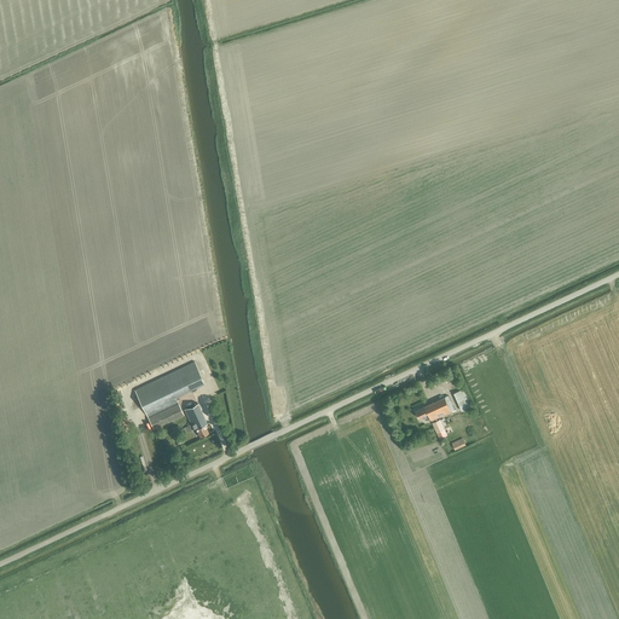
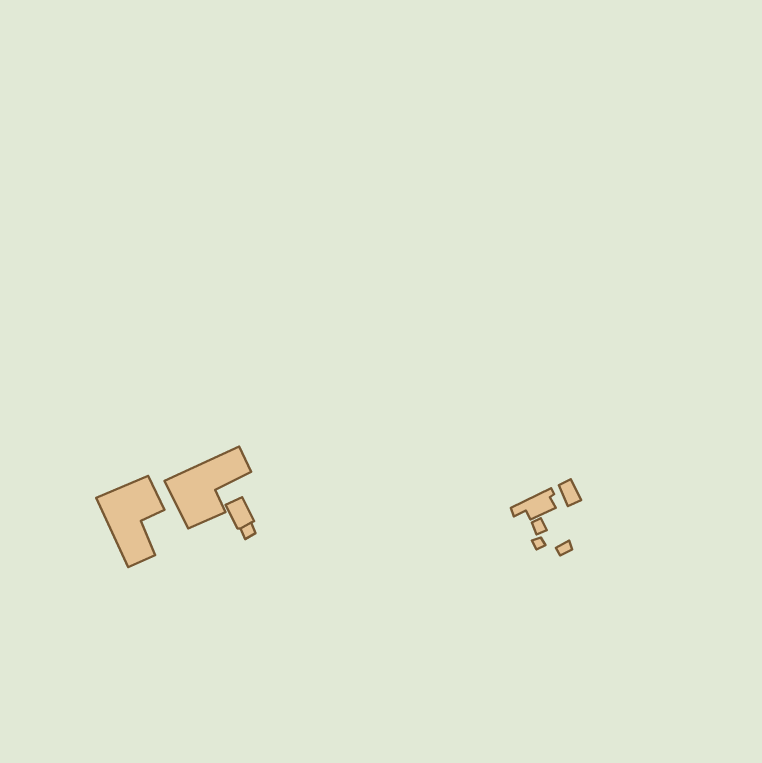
building: none -> [96,476,165,567]

